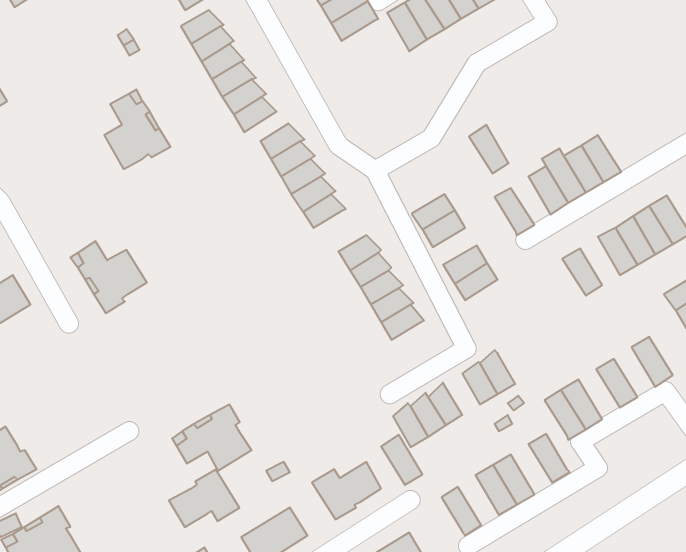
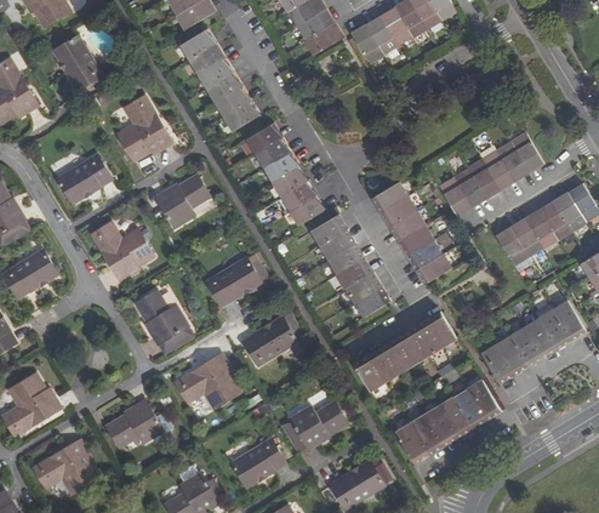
building: none -> [53,35,102,90]
building: [469,125,509,173] -> [452,167,485,207]
building: none -> [57,155,112,203]
building: none -> [155,175,210,228]
building: none -> [290,195,326,226]
building: none -> [388,210,424,240]
building: none -> [509,217,542,257]
building: none -> [415,252,451,284]
building: none -> [206,258,259,307]
building: none -> [354,287,390,317]
building: none -> [133,290,188,344]
building: none -> [537,308,571,349]
building: none -> [241,319,296,367]
building: none -> [508,326,542,367]
building: none -> [398,327,427,364]
building: [381,435,422,485] -> [409,414,443,455]
building: none -> [452,388,486,429]
building: [169,470,239,527] -> [104,400,162,448]

